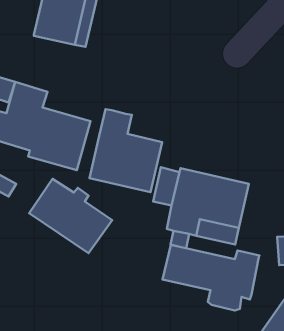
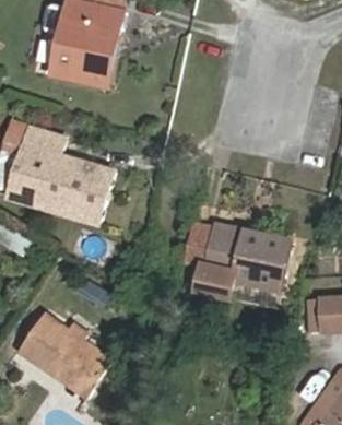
building: [90,109,162,192] -> none
building: [29,179,112,253] -> [17,314,110,397]
building: [163,245,260,311] -> none

